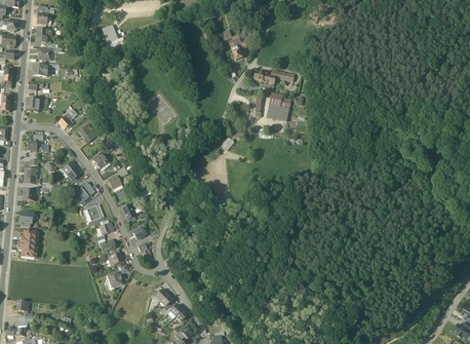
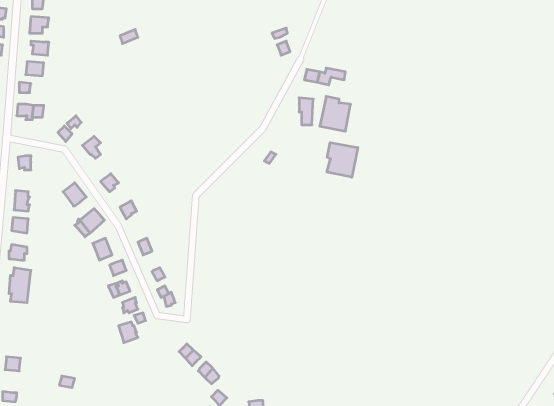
building: none -> [327,143,358,177]

